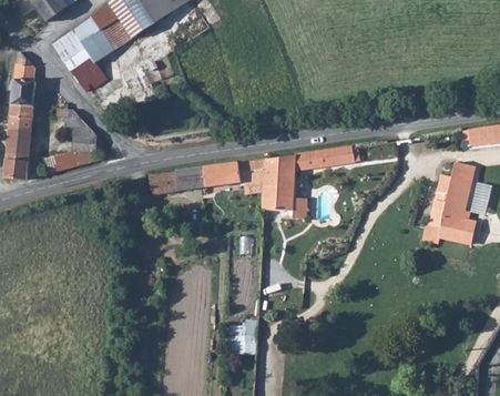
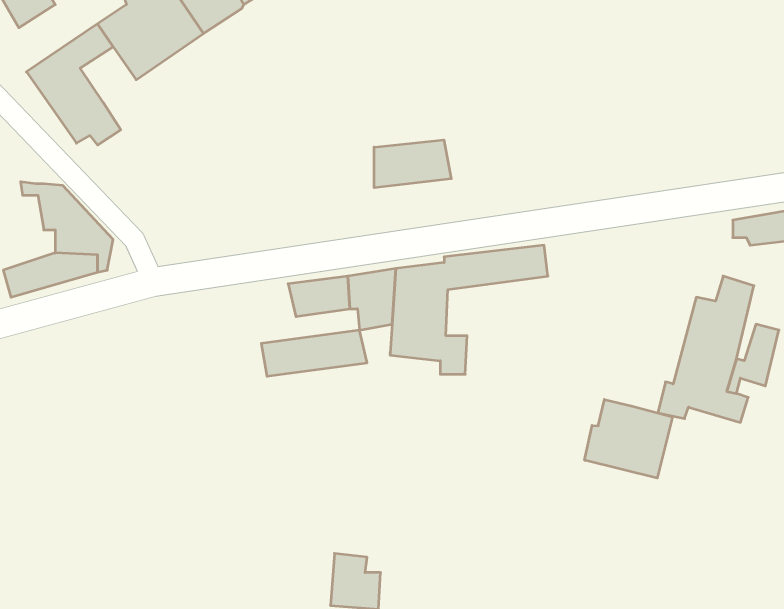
building: [84,30,116,62] -> none
building: none -> [374,140,451,188]
building: [147,166,208,193] -> [261,330,367,376]
building: none -> [585,399,673,478]

